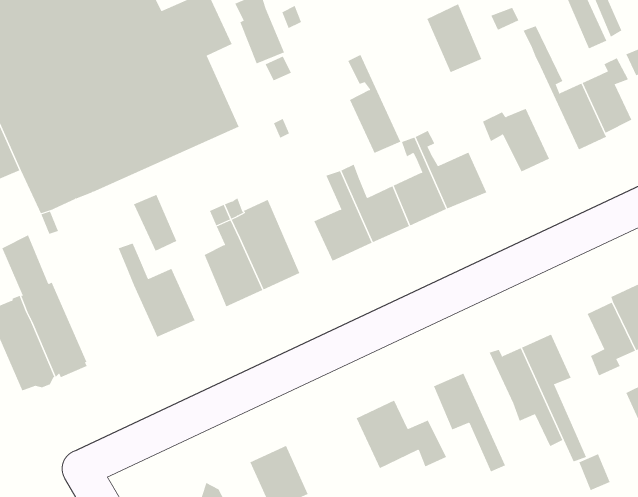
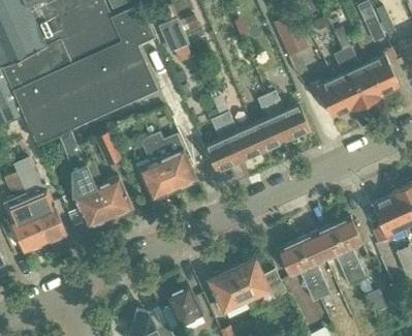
building: [347,54,401,154] -> [334,51,367,112]
building: none -> [59,130,108,228]
building: none -> [296,228,331,298]
building: none -> [208,269,245,310]

